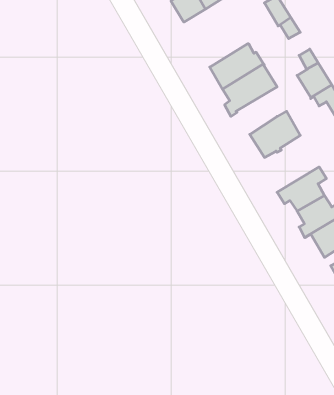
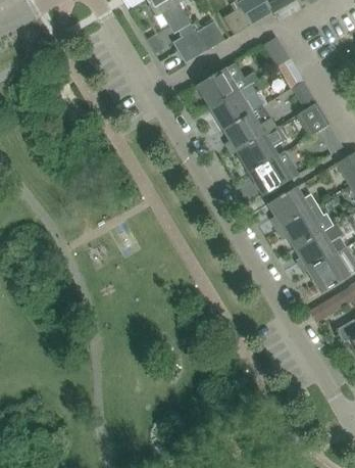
building: none -> [197,61,257,106]
building: none -> [236,126,285,172]
building: none -> [268,187,316,228]

